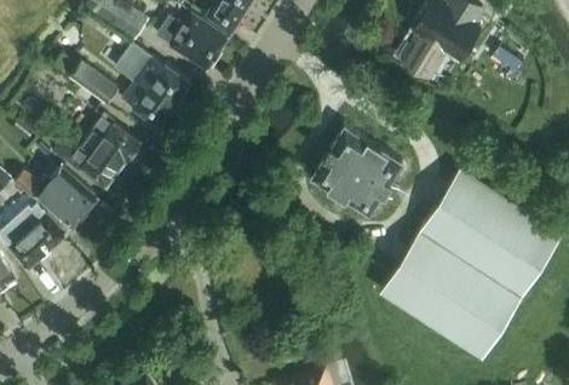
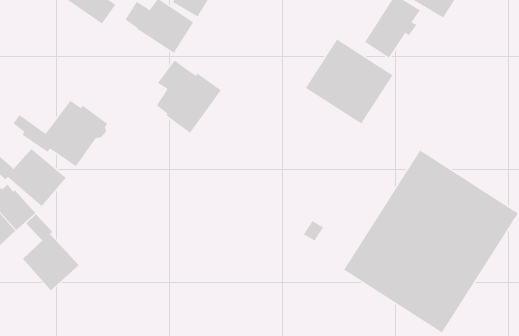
building: [123,51,191,127] -> [156,60,222,134]
building: [70,61,119,104] -> none
building: [312,126,403,214] -> [305,39,393,125]
building: none -> [22,214,80,291]

